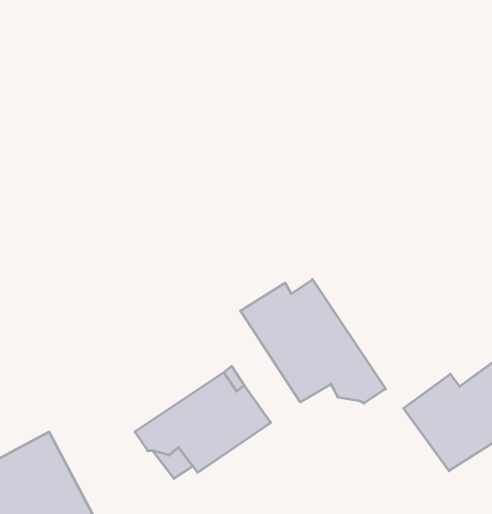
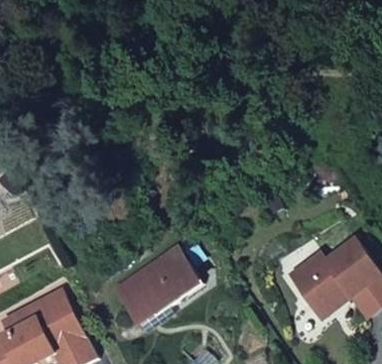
building: [240,279,386,403] -> none

